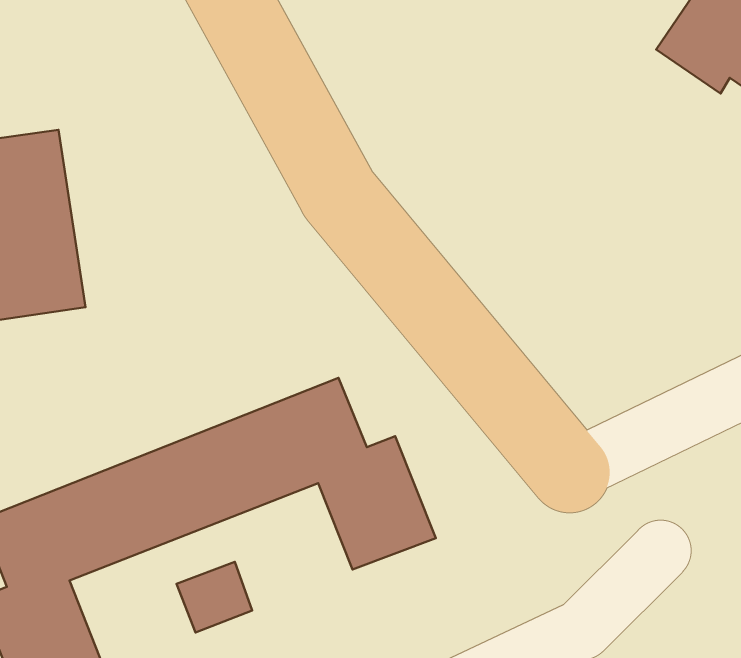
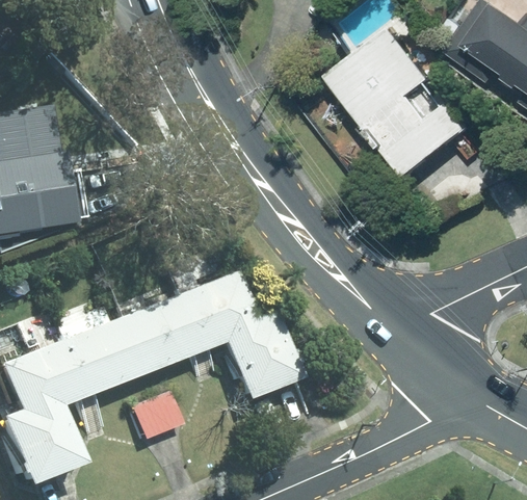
building: none -> [330,29,470,178]

